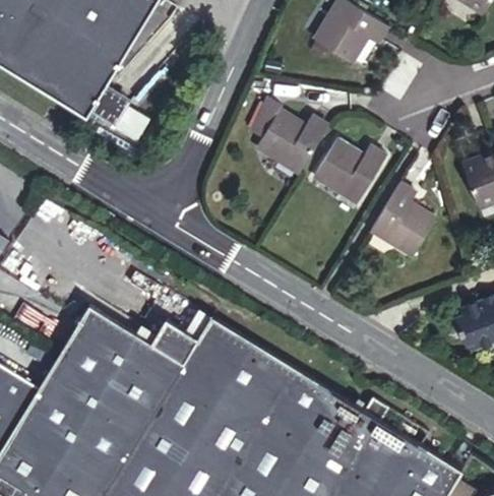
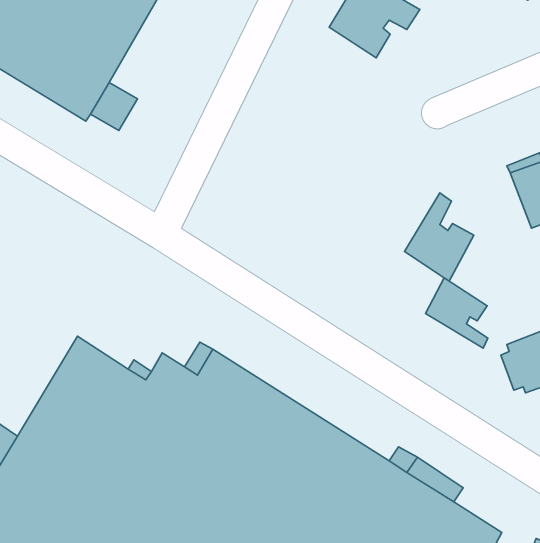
building: [238,101,324,183] -> none
building: [302,141,376,208] -> none
building: none -> [425,278,488,348]

